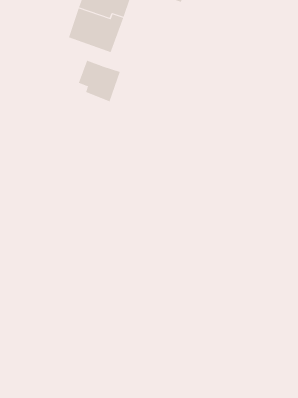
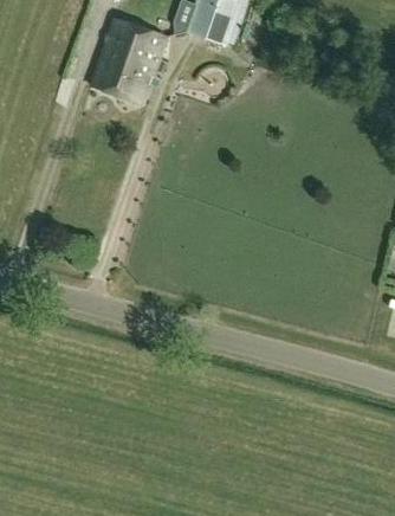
building: [78,60,120,102] -> none

